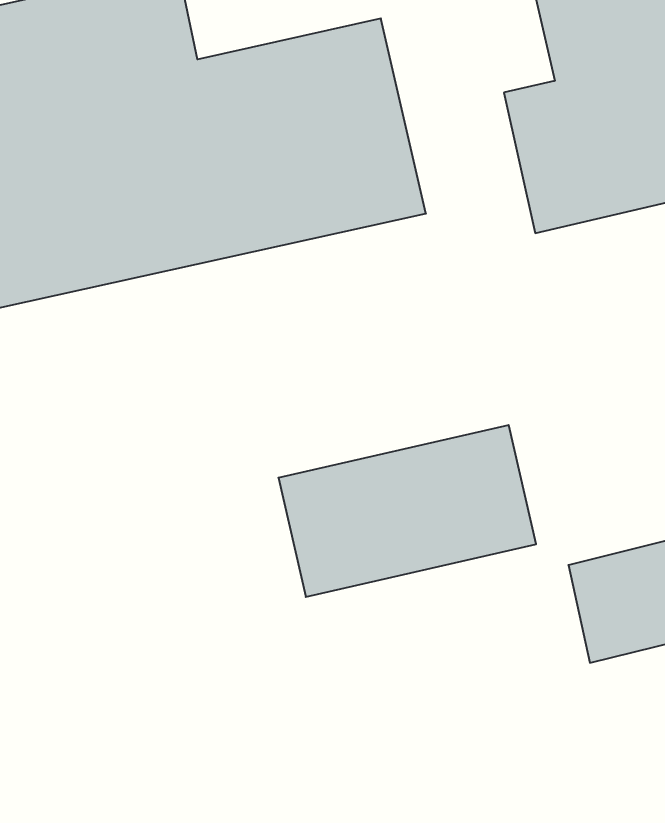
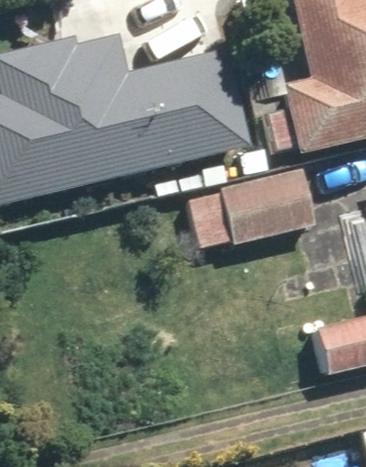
building: [278,425,536,597] -> [185,167,318,256]

